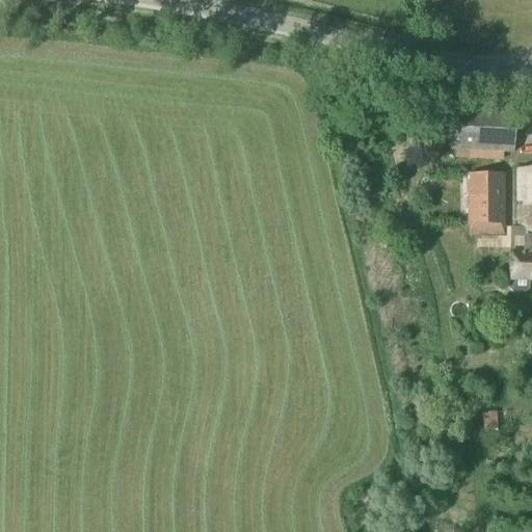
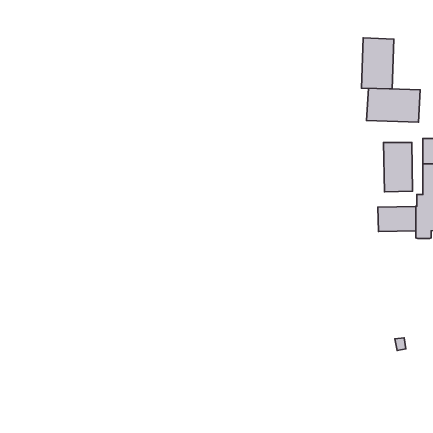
building: none -> [362,38,394,89]
building: none -> [378,206,416,231]

